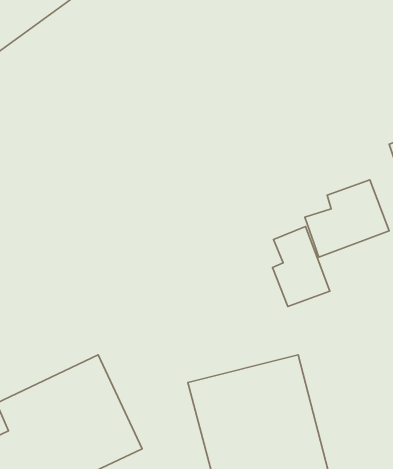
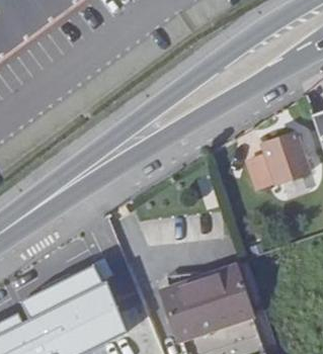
building: [273,226,330,307] -> none

